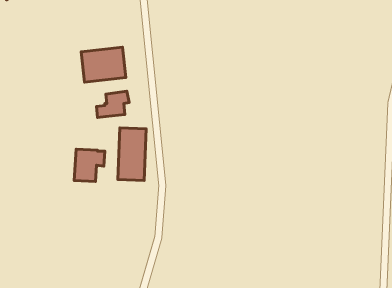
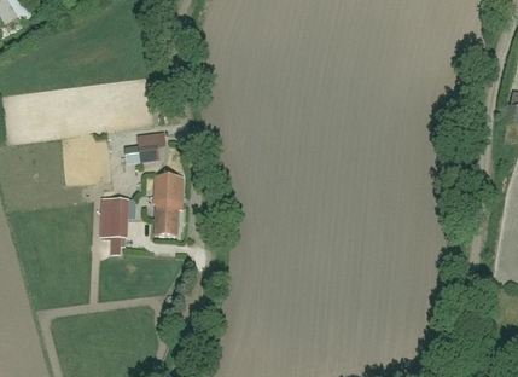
building: [81,47,126,82] -> none

